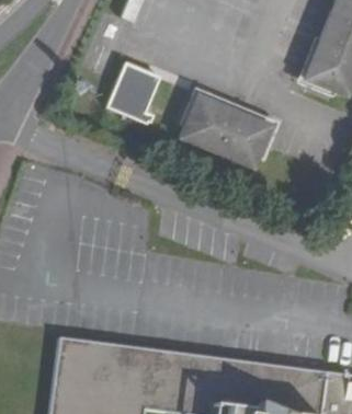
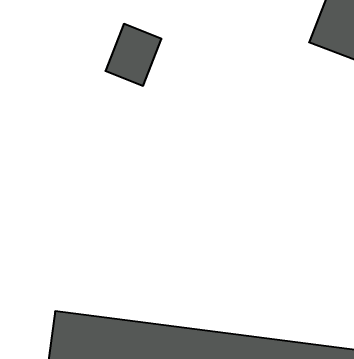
building: [180,95,272,171] -> none

